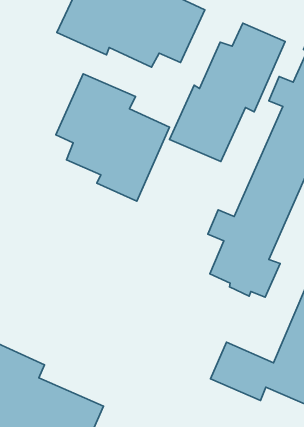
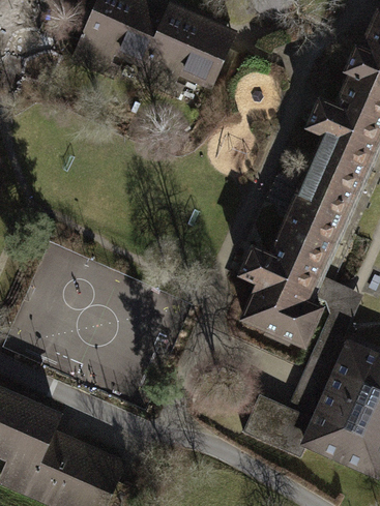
building: [170,23,285,162] -> none
building: [56,74,170,201] -> none

